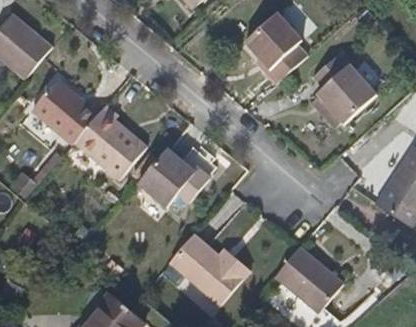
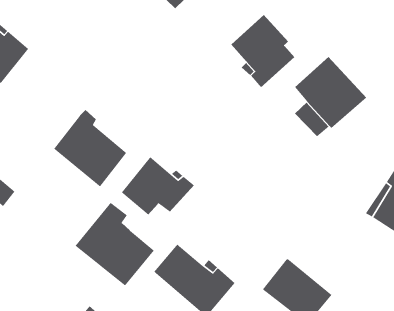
building: [31,80,100,146] -> none
building: none -> [74,202,155,287]

